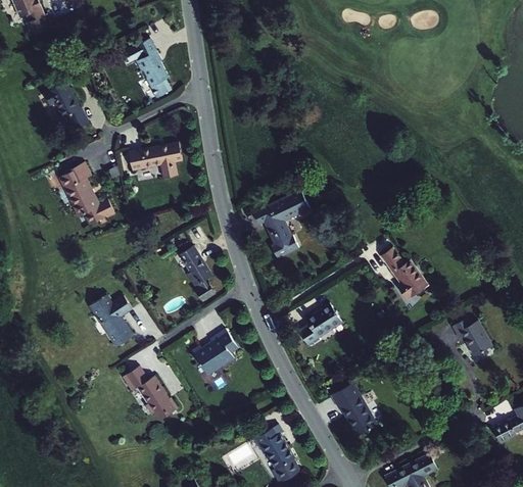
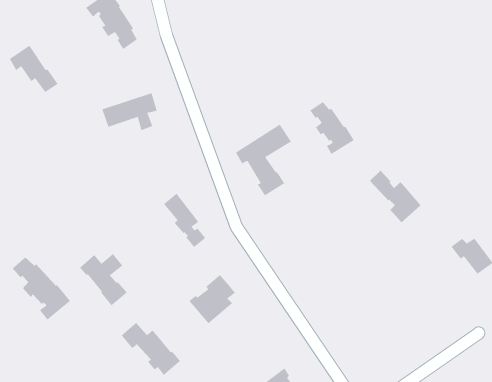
building: [63,164,115,227] -> none
building: none -> [309,101,355,155]
building: none -> [12,256,71,320]
building: [298,302,342,344] -> none
building: [330,385,376,439] -> none

